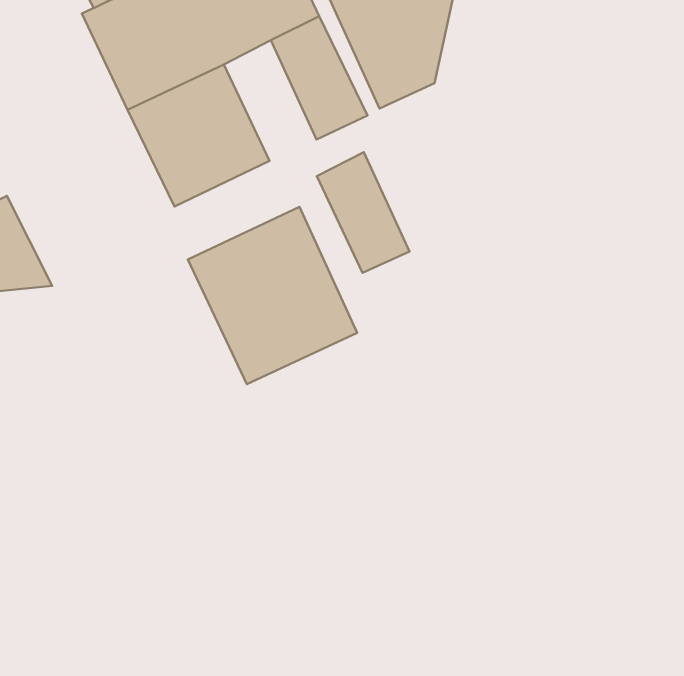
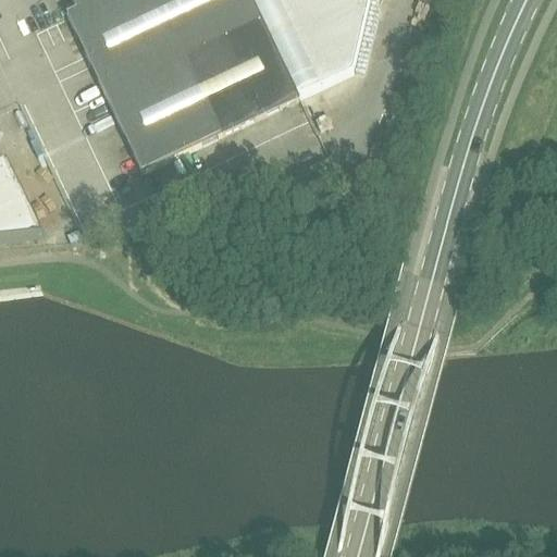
building: [317,152,409,273] -> [182,33,257,131]
building: [188,207,357,384] -> none

